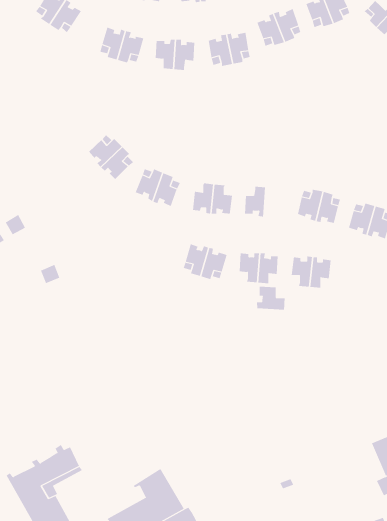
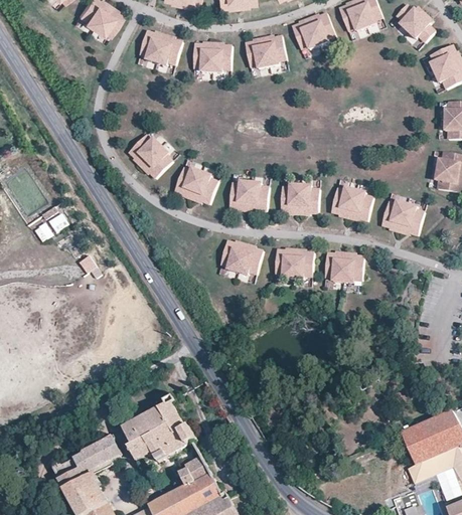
building: none -> [299,185,319,214]
building: [257,286,285,311] -> none
building: none -> [118,396,197,463]

